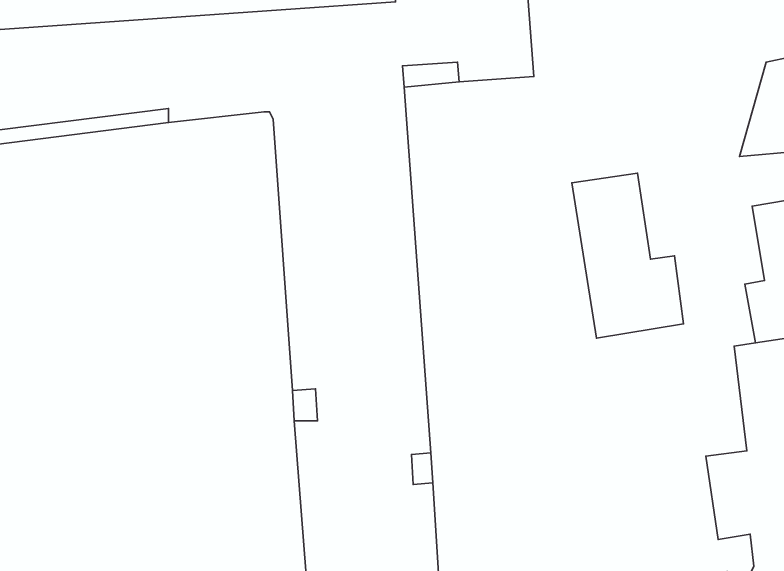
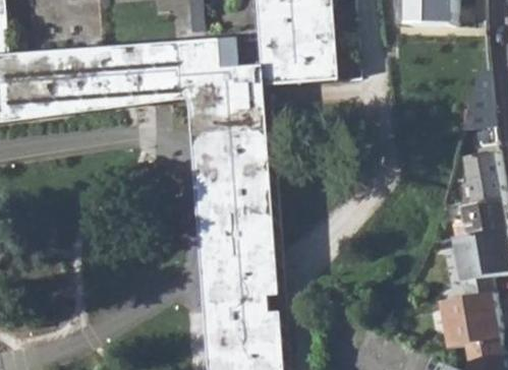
building: [572,173,684,338] -> none

